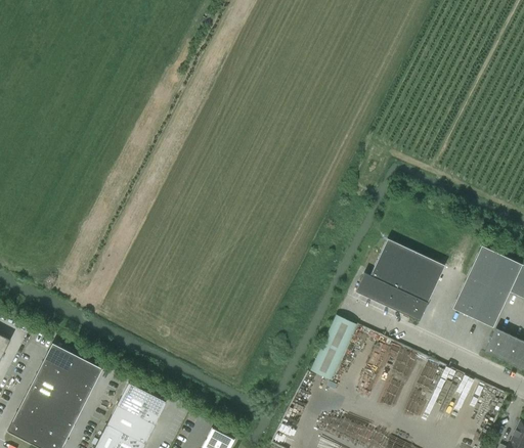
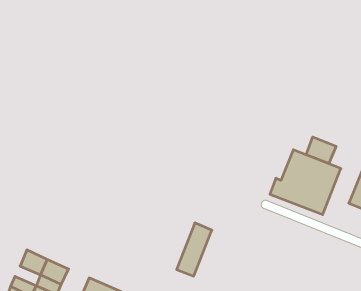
building: none -> [306,137,336,163]
building: [310,314,356,379] -> [177,223,212,276]
building: [36,362,68,388] -> none

